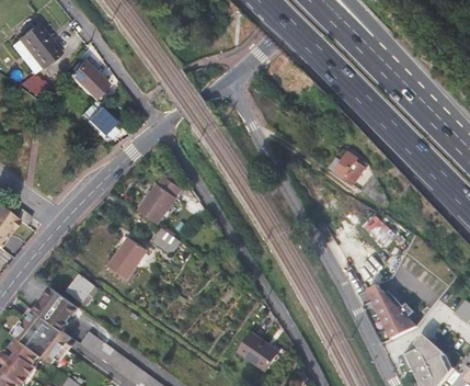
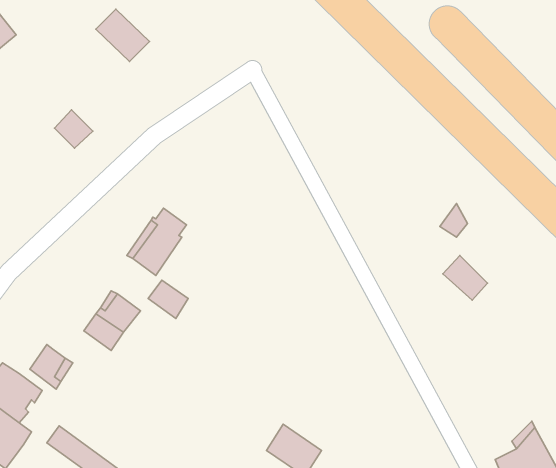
building: [69,64,107,101] -> [96,9,149,61]
building: [329,151,366,184] -> none
building: [367,286,415,339] -> none

